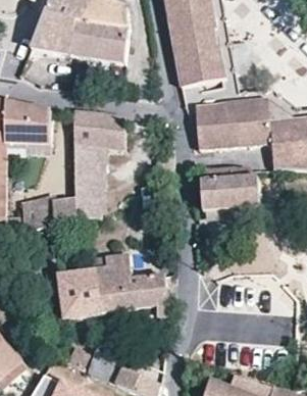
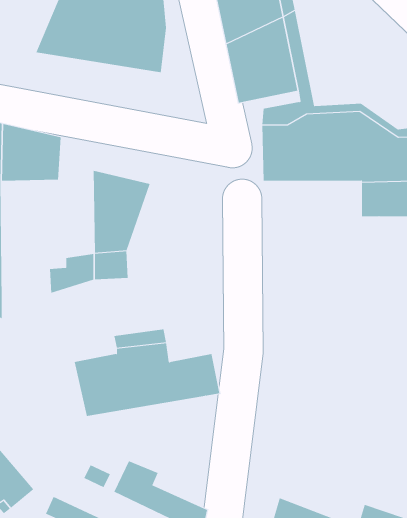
building: [70,104,121,145] -> none
building: [199,169,271,209] -> none

